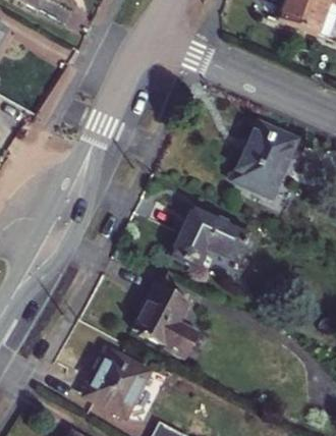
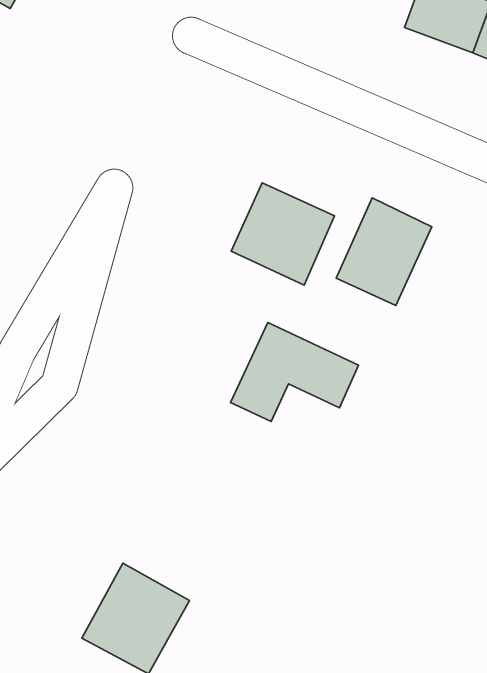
building: none -> [231,183,334,285]
building: [132,282,199,356] -> none

